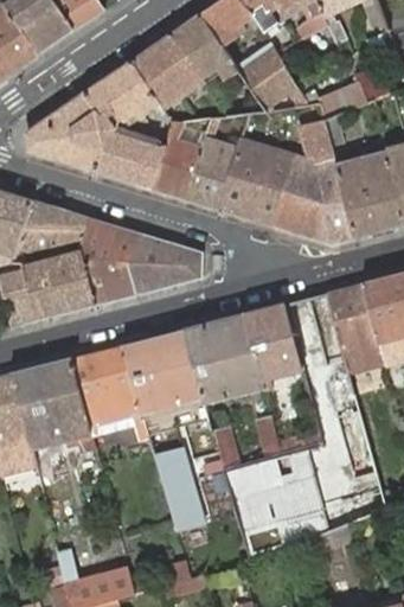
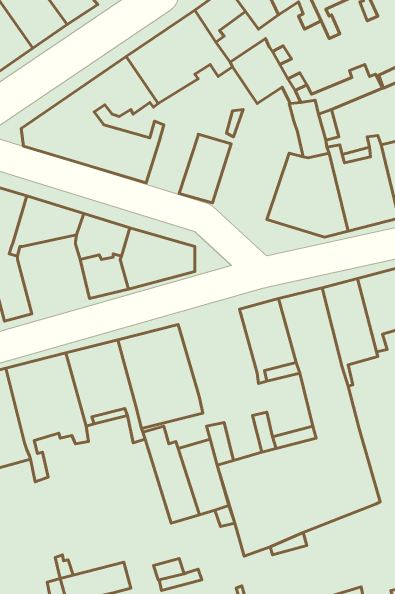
building: [152,121,204,198] -> none
building: [218,148,295,224] -> none
building: [23,249,95,319] -> none
building: [184,314,264,403] -> none

